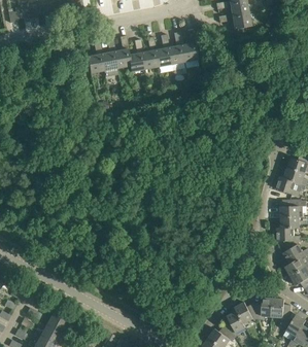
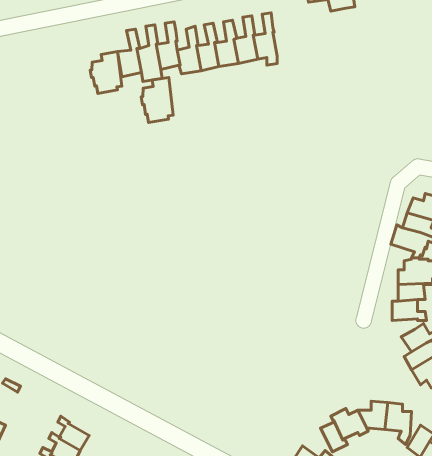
building: none -> [90,52,122,93]
building: none -> [141,77,173,122]

